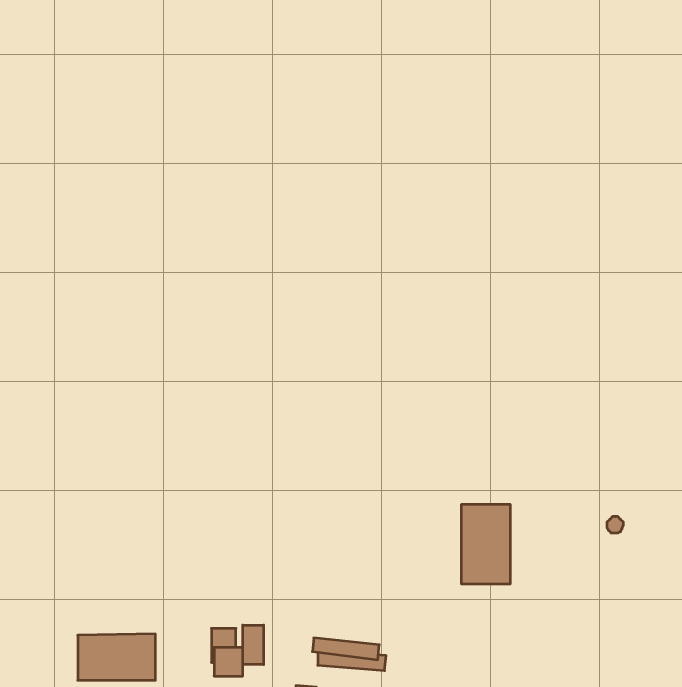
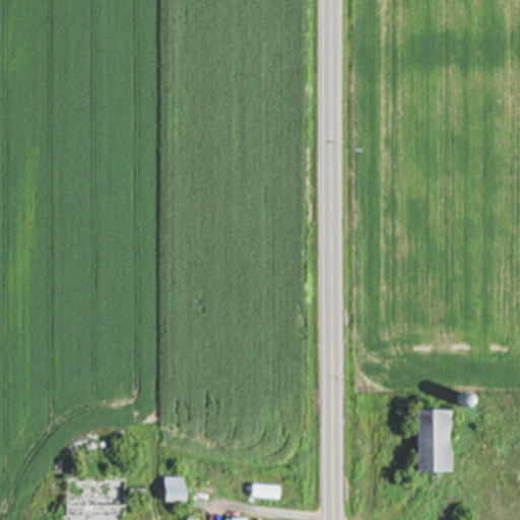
building: [461,505,510,584] -> [414,411,451,470]
building: [243,625,264,665] -> none

